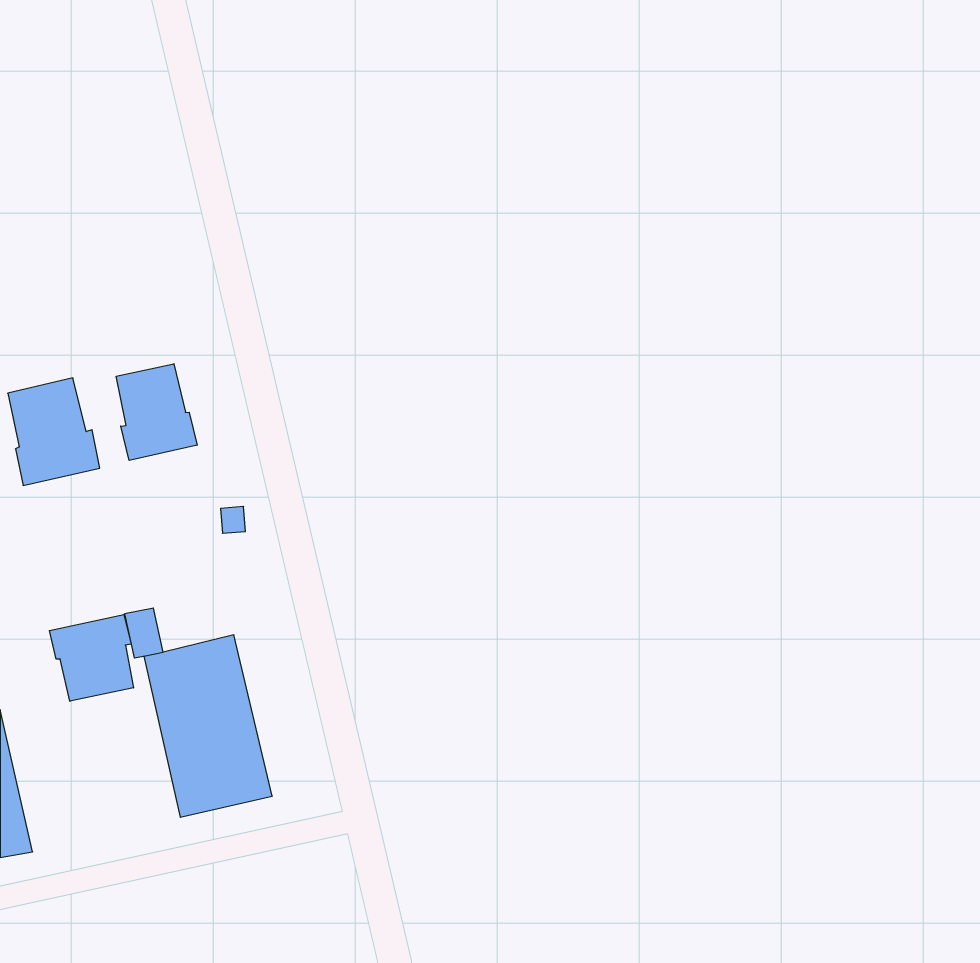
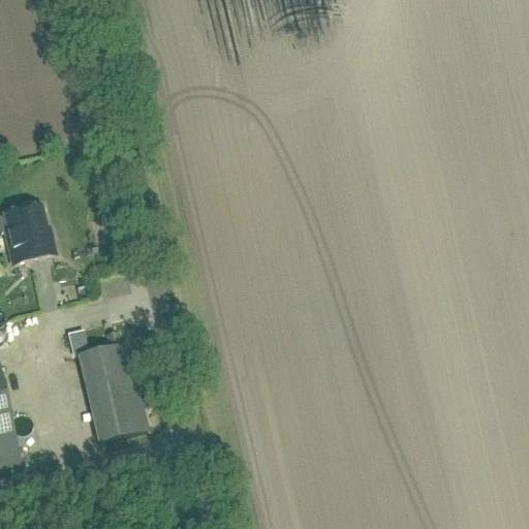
building: [116,364,197,460] -> none
building: [49,614,133,701] -> none

